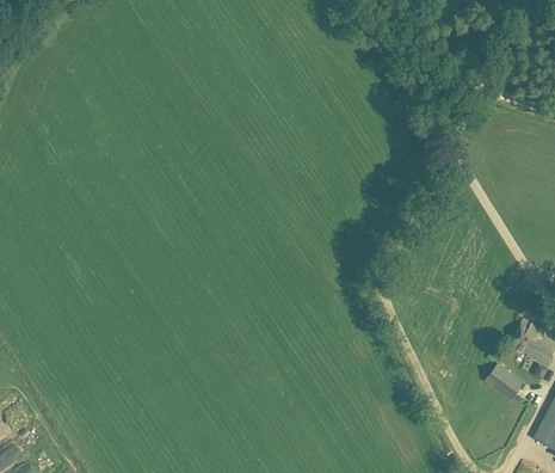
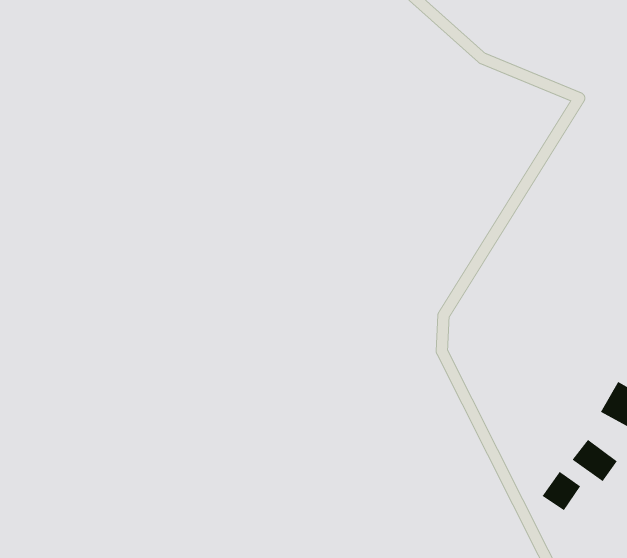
building: none -> [541,471,581,511]

